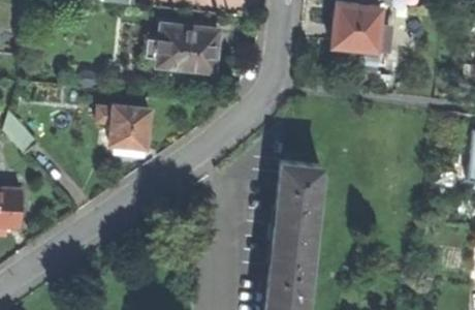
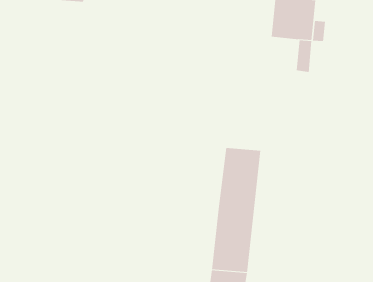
building: [147,25,220,73] -> none
building: [98,104,150,151] -> none

